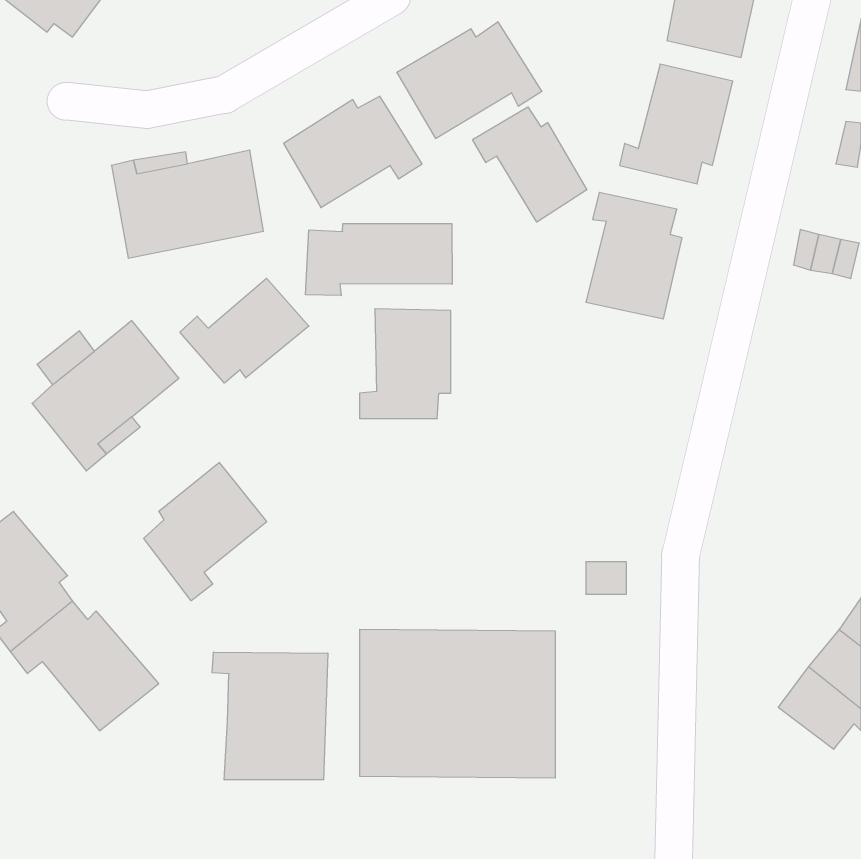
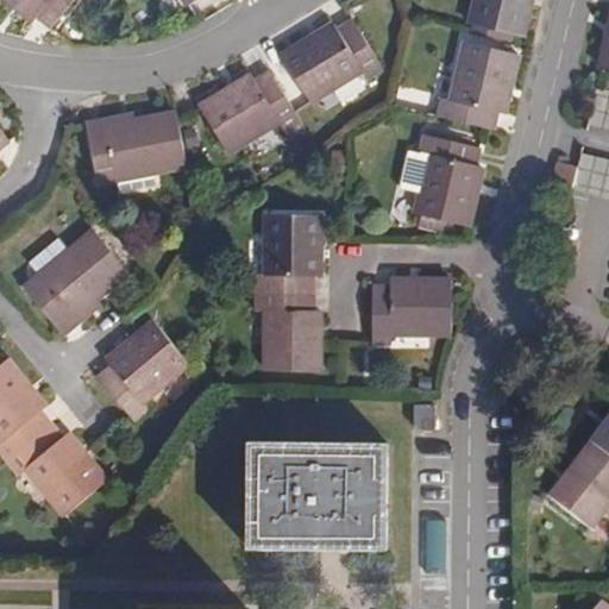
building: [473,107,587,222] -> none
building: [306,224,452,296] -> none
building: [180,278,309,383] -> none
building: none -> [372,281,454,343]
building: none -> [253,295,318,373]
building: [212,652,328,780] -> none

